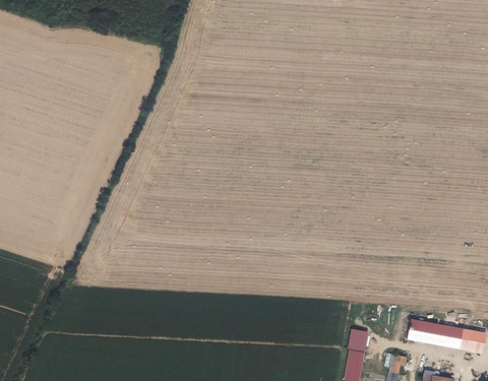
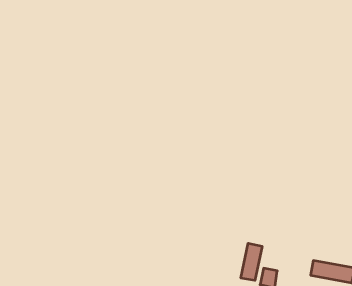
building: none -> [241,243,262,280]

